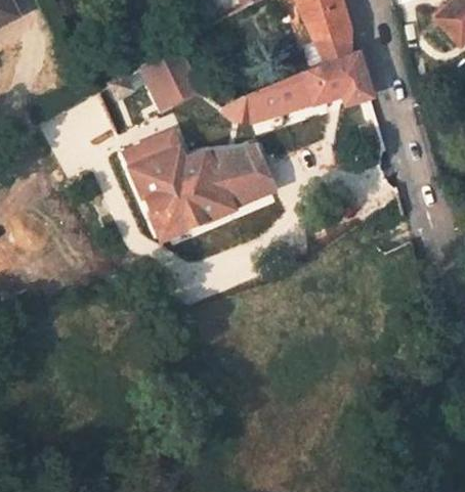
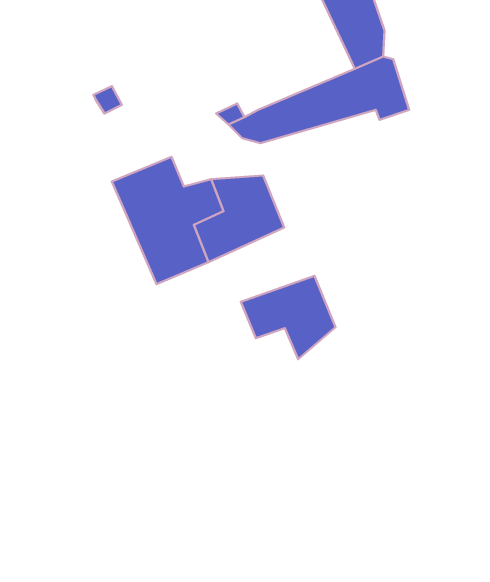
building: [147,48,201,107] -> none
building: none -> [241,276,335,359]

